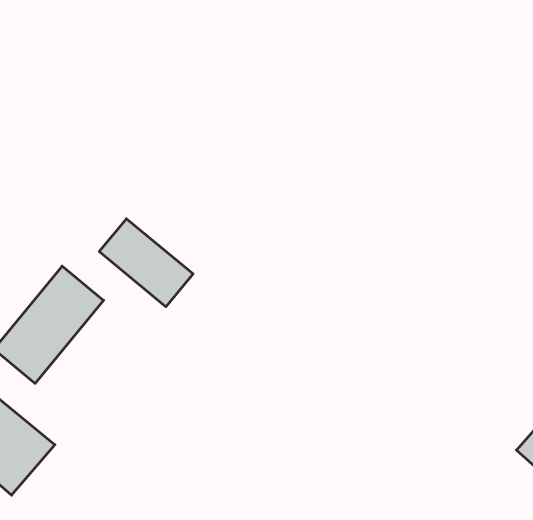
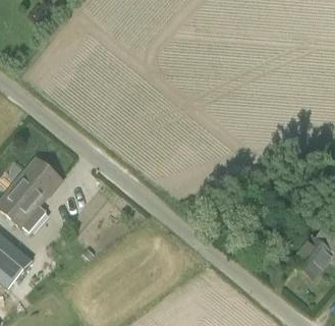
building: [99,219,193,307] -> none

